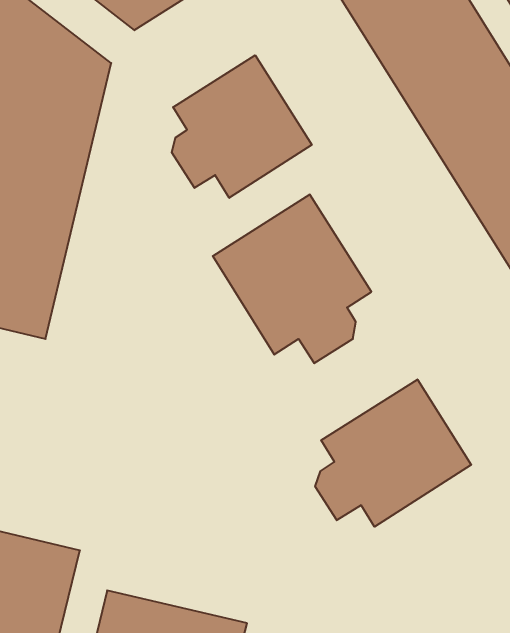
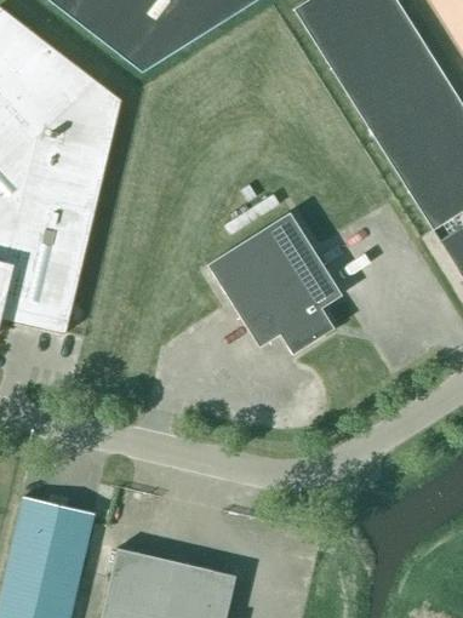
building: [172,55,312,198] -> none
building: [315,379,471,527] -> none

